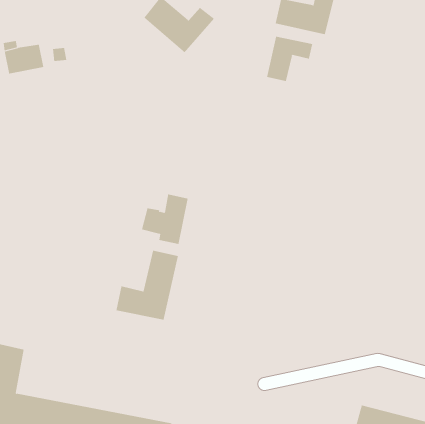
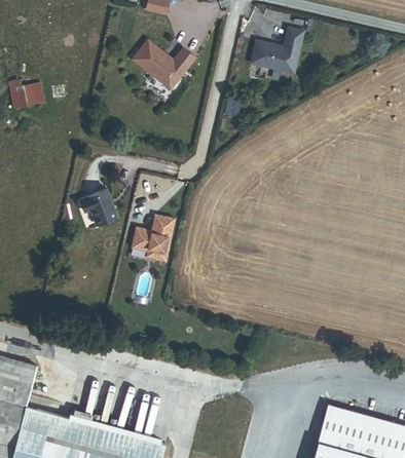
building: [266,36,313,82] -> none
building: none -> [80,192,116,227]
building: [116,250,178,320] -> none

